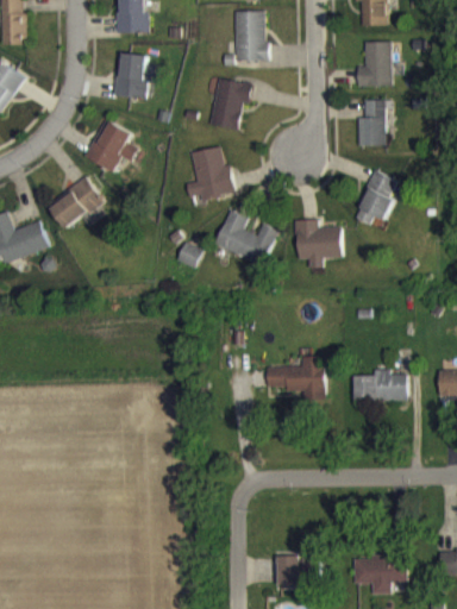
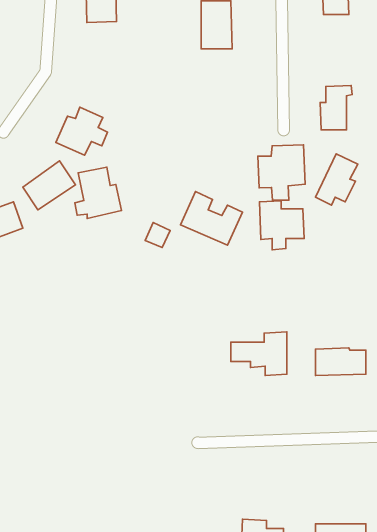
building: [358,42,392,86] -> none
building: [112,52,157,99] -> none
building: [209,79,251,128] -> none
building: [186,146,234,200] -> [75,167,122,219]
building: none -> [258,145,305,200]

